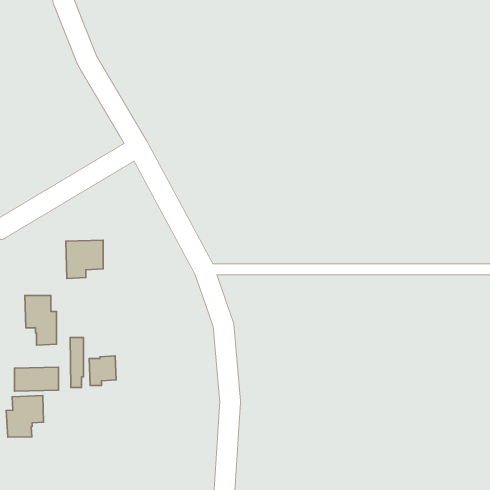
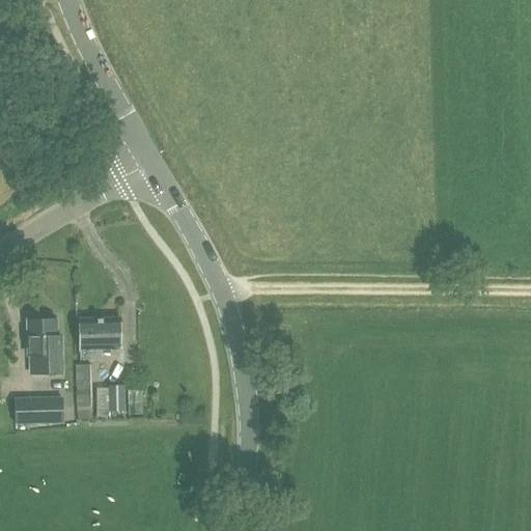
building: [66,240,103,279] -> [79,317,119,359]
building: [6,395,43,437] -> none

